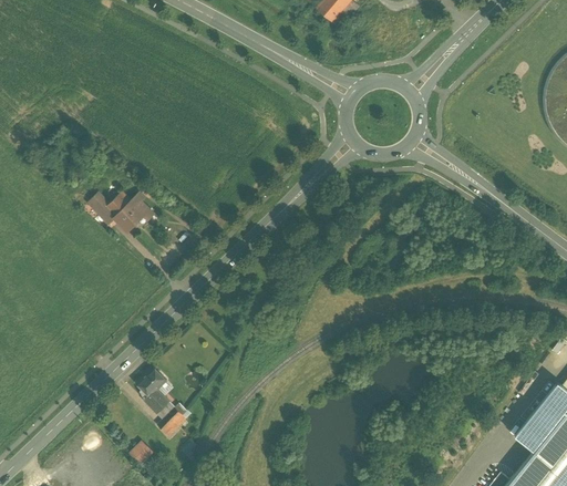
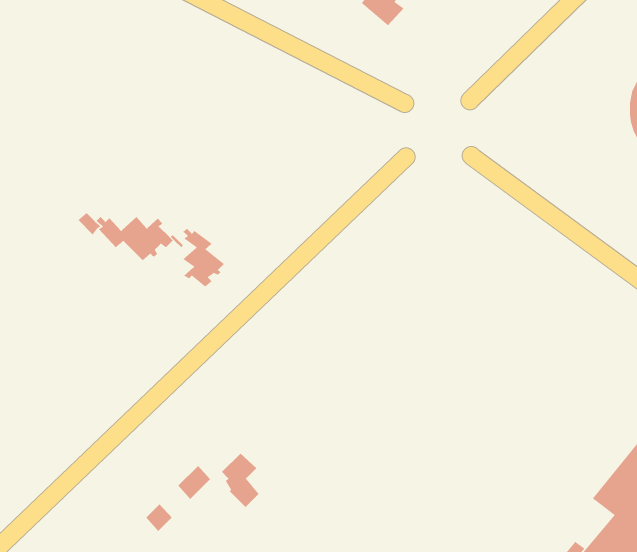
building: none -> [182,228,225,287]
building: [137,368,171,415] -> [221,453,260,508]

